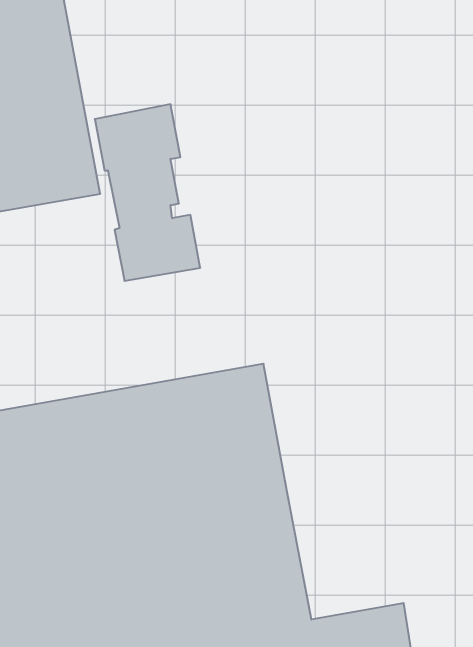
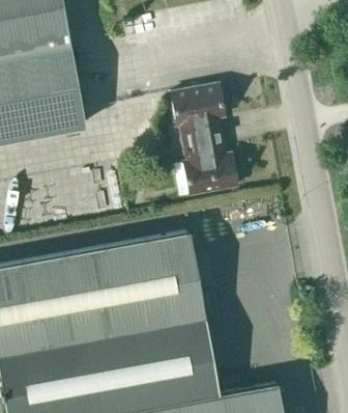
building: [95,104,200,281] -> [171,85,237,196]

